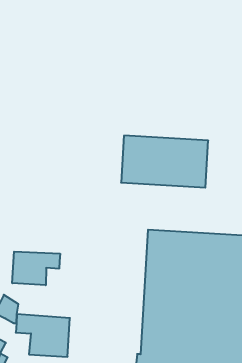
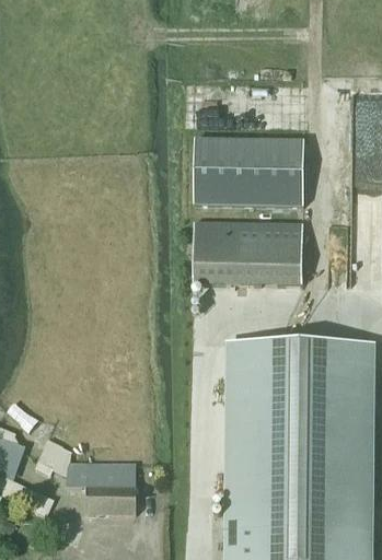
building: none -> [193,138,302,205]
building: [12,252,60,285] -> none

